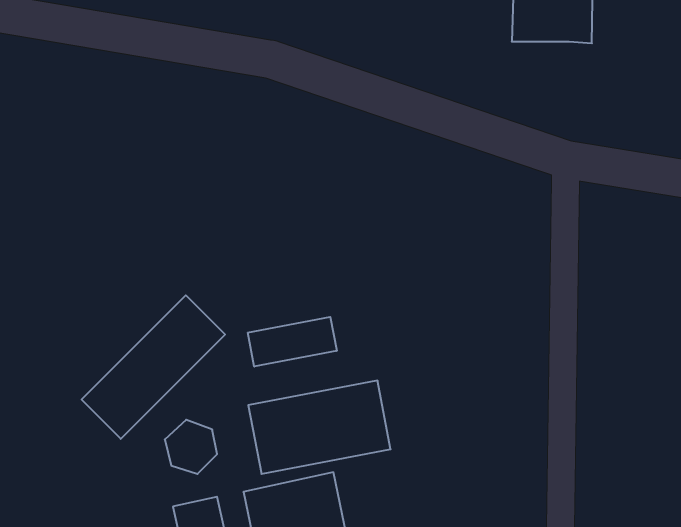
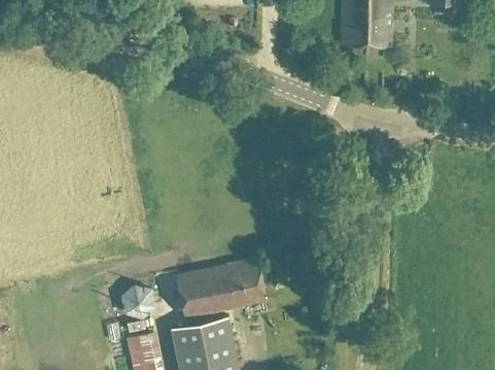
building: [82,295,225,439] -> none
building: [248,317,337,367] -> none

